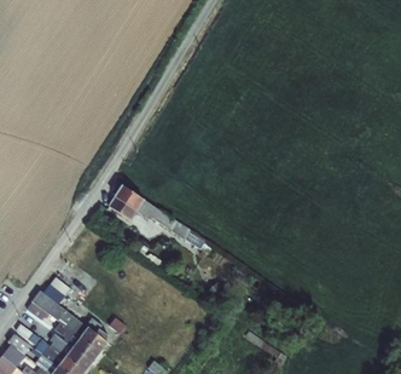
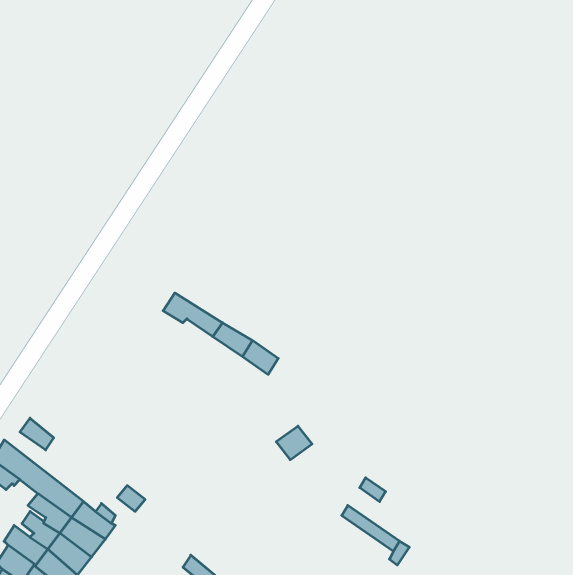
building: [109,186,144,220] -> none

